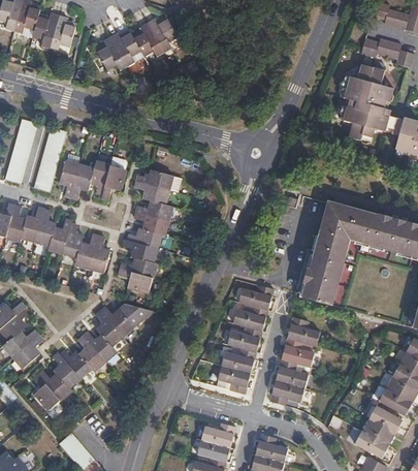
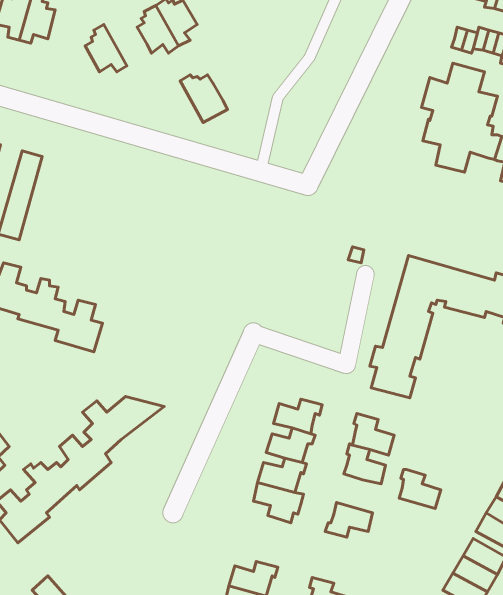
building: [110,32,144,66] -> [180,75,227,122]
building: [59,161,125,198] -> none
building: [119,169,179,291] -> none
building: [238,284,274,309] -> none
building: [278,359,308,387] -> [399,470,441,508]

